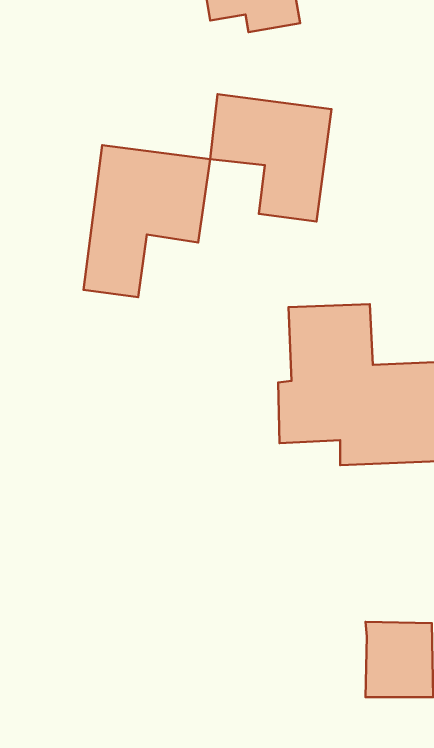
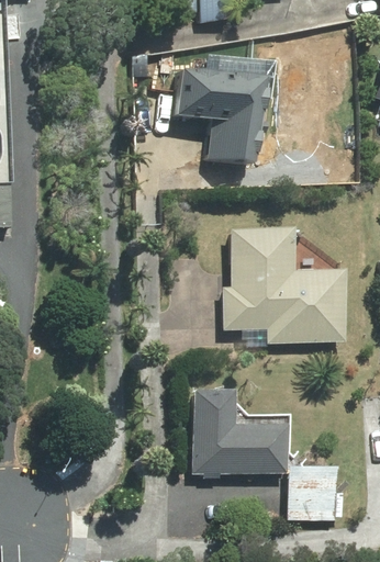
building: [83,145,210,297] -> none
building: none -> [190,386,291,474]

